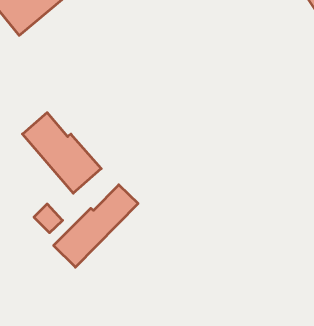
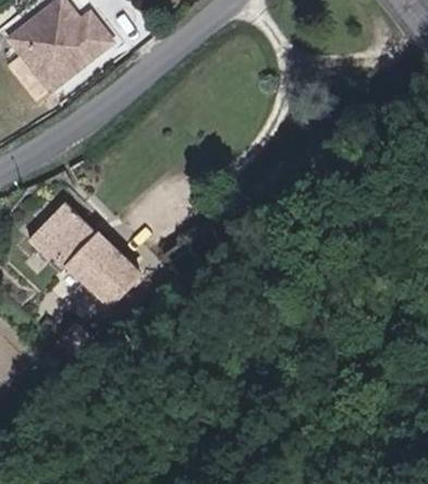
building: [54,185,138,267] -> none

